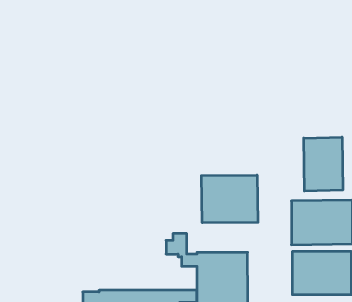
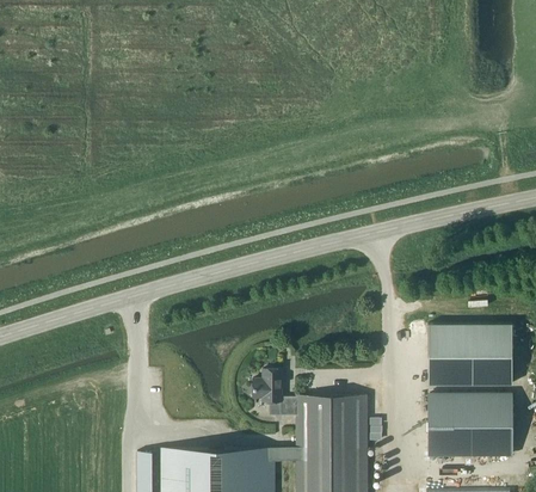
building: [304,137,343,191] -> none
building: [201,175,258,223] -> none

